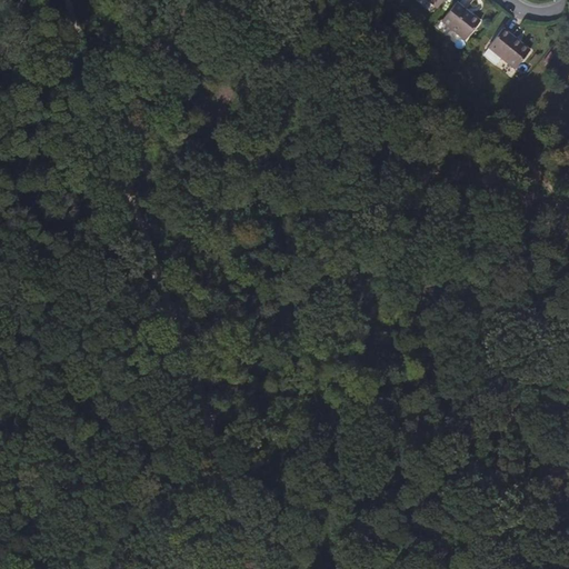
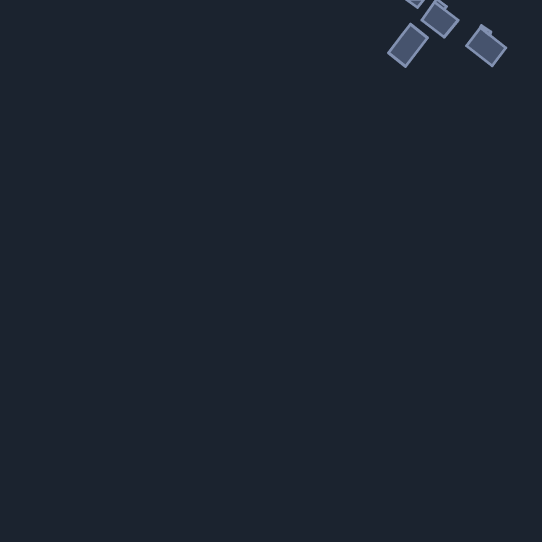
building: none -> [389,24,427,66]

